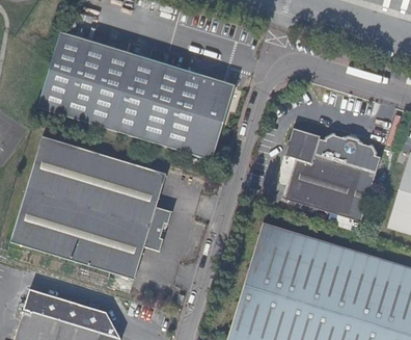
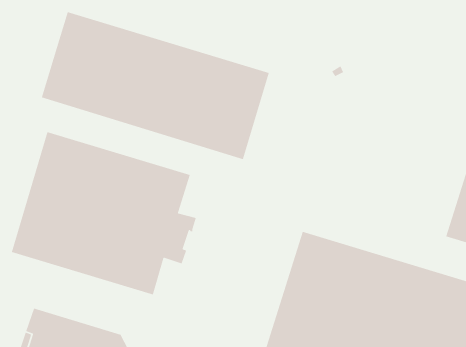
building: [285,128,382,223] -> none

